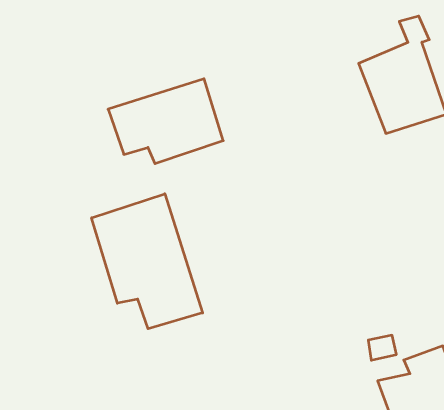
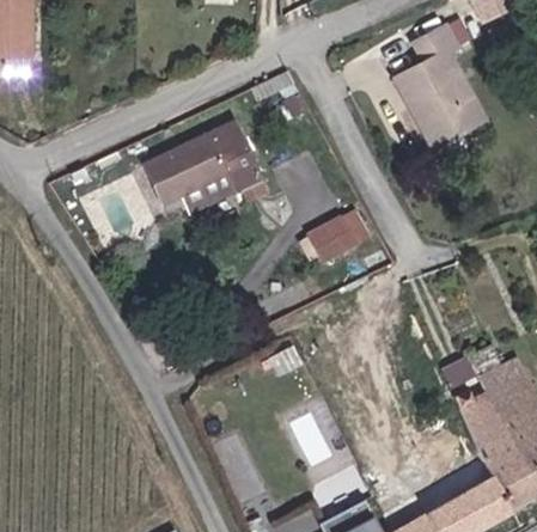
building: none -> [307,208,374,263]
building: [92,194,203,329] -> none

